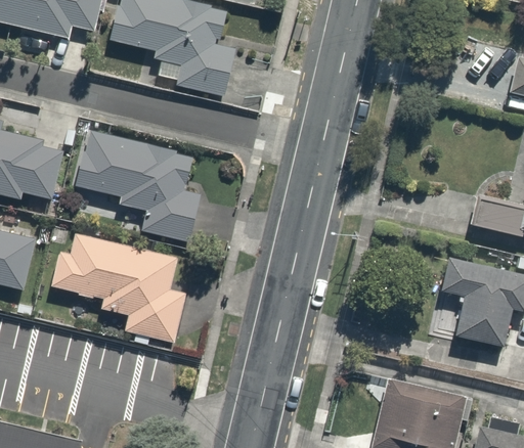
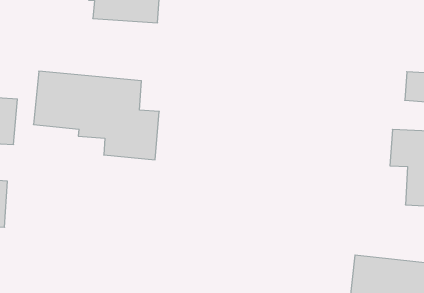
building: [48,232,186,344] -> none

